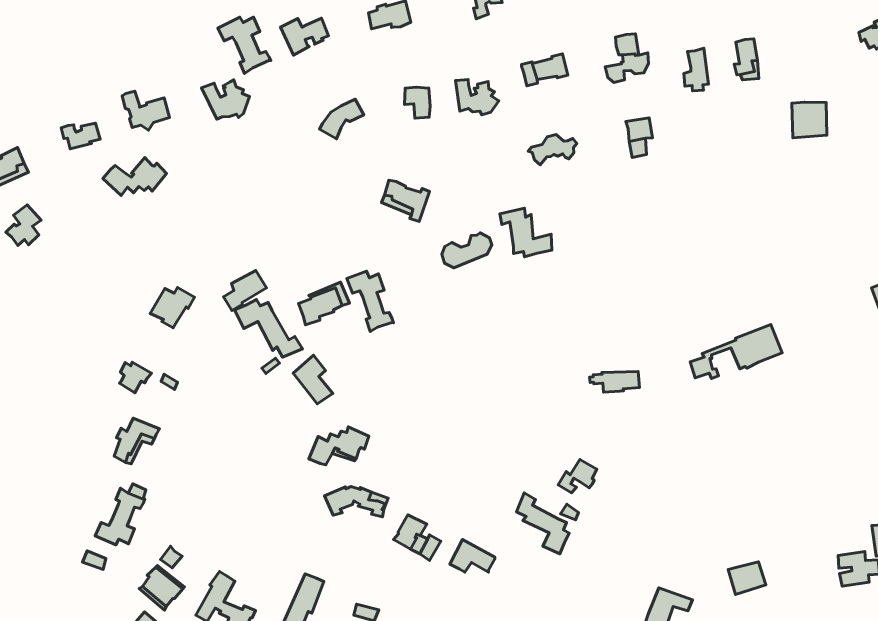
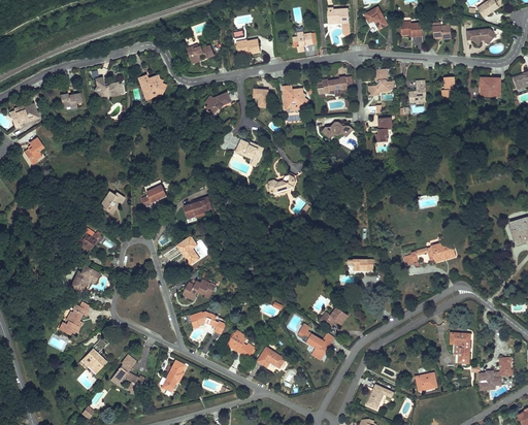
building: [218,17,271,73] -> none
building: [792,102,827,138] -> [480,76,500,96]
building: [103,158,167,196] -> none
building: [500,208,552,257] -> none
building: [347,271,394,331] -> none
building: [235,300,303,357] -> none
building: none -> [450,333,470,363]

